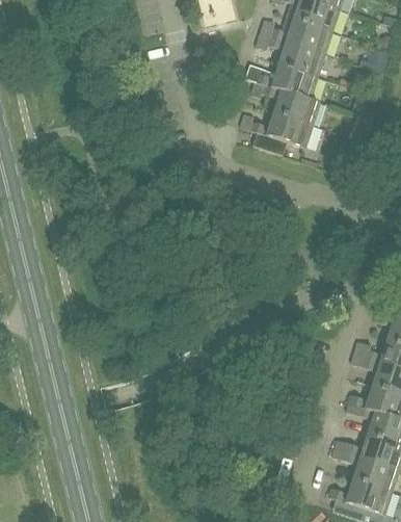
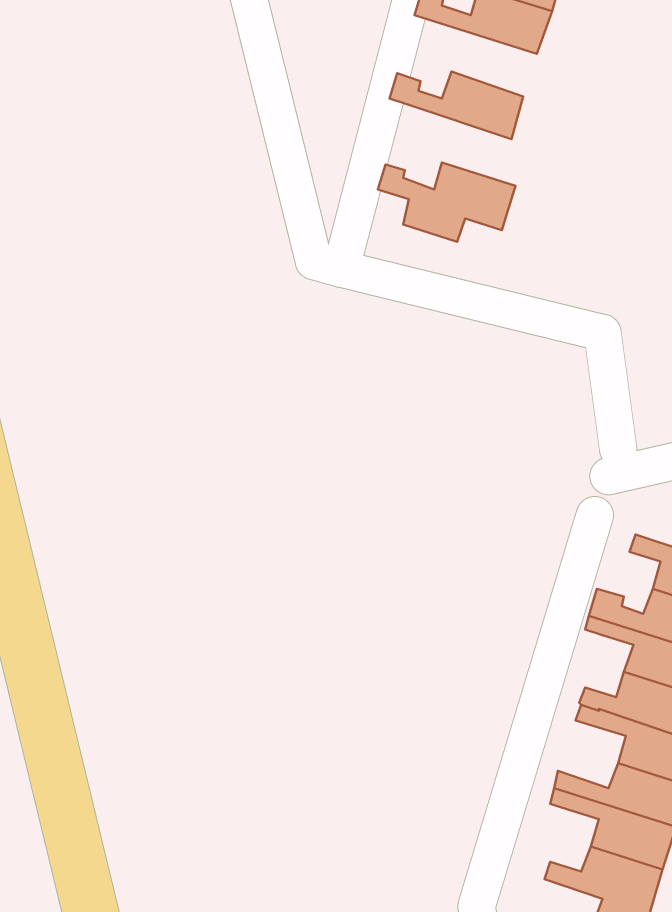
building: [255,31,324,75] -> none
building: [245,76,320,123] -> none

